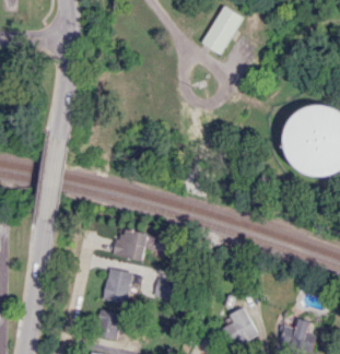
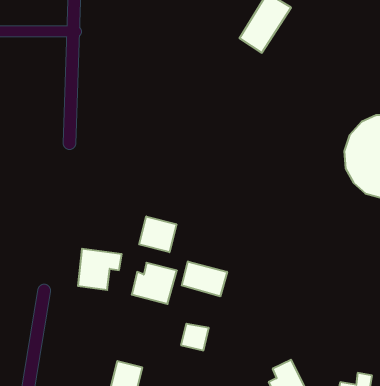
building: none -> [139,216,176,252]
building: none -> [182,261,227,296]
building: [103,269,139,303] -> [78,249,122,290]

